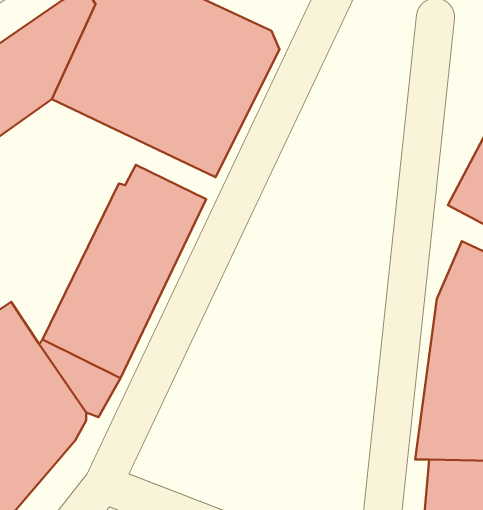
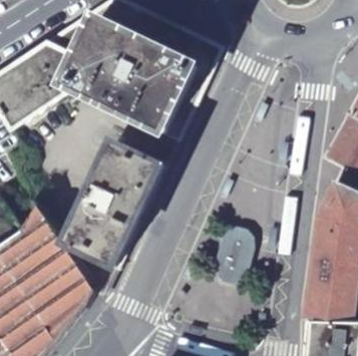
building: none -> [215,230,246,280]

